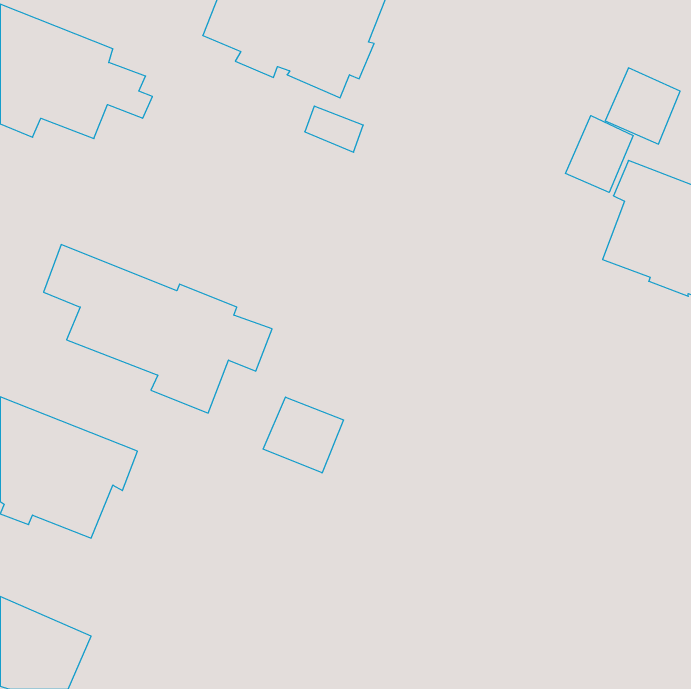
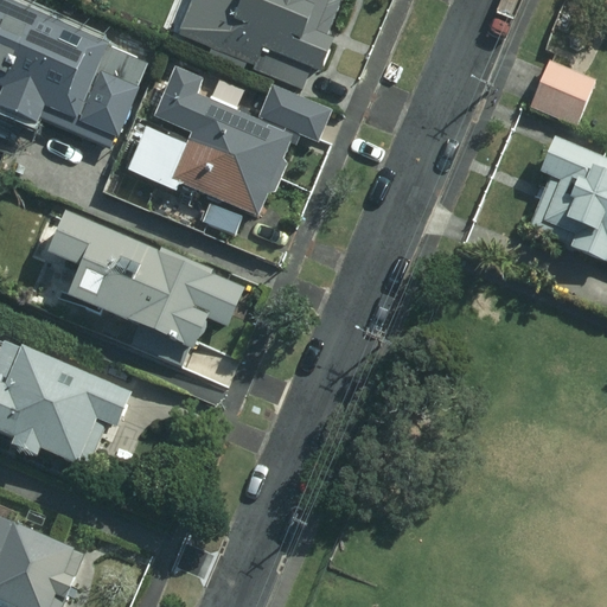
building: none -> [126,68,290,213]
building: [566,116,633,192] -> none
building: [263,397,343,473] -> none

